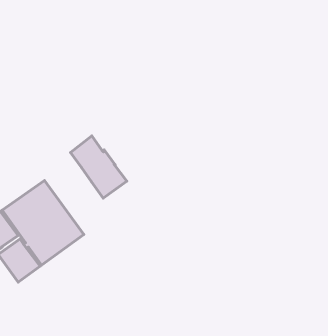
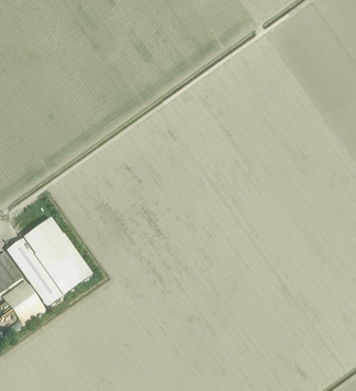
building: [70,136,127,198] -> none

